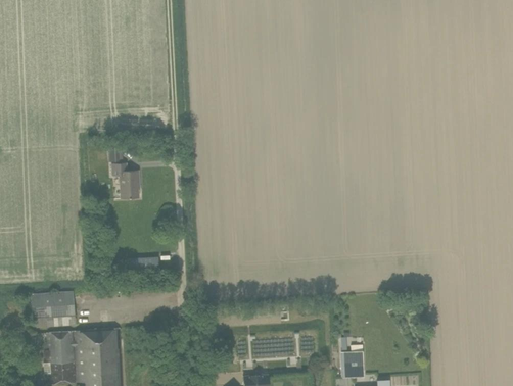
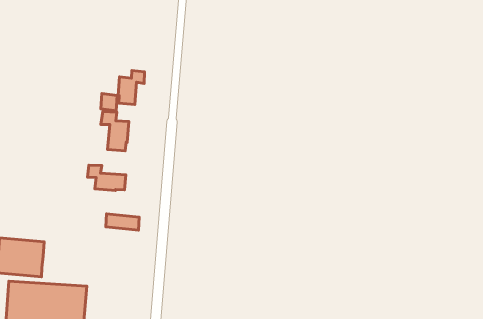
building: none -> [118,70,145,105]
building: none -> [87,165,126,190]

